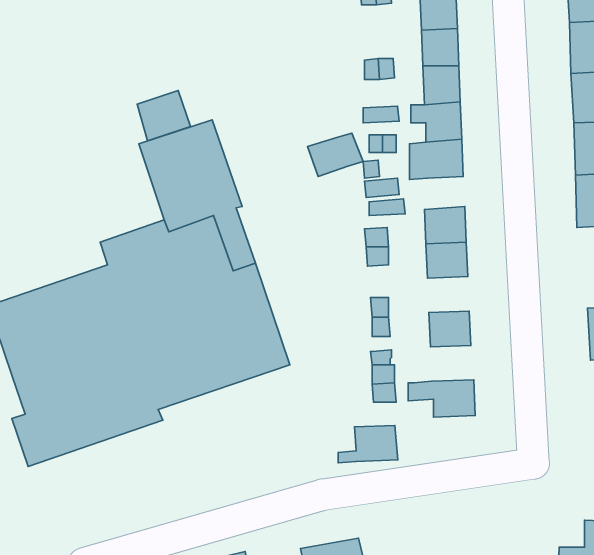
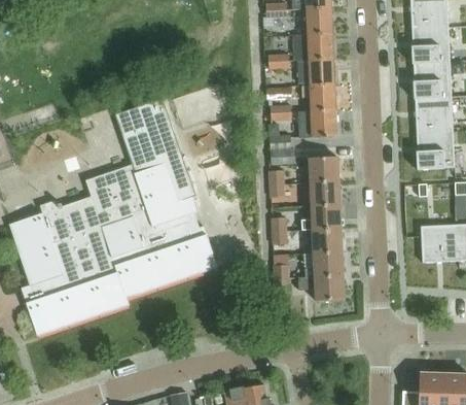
building: [137,91,191,141] -> none
building: [307,133,363,177] -> none
building: none -> [301,204,340,230]
building: [338,425,398,463] -> [302,251,344,277]

